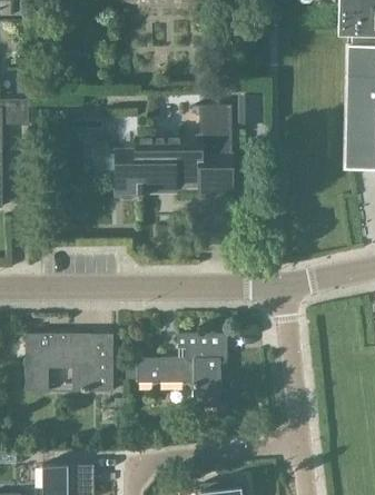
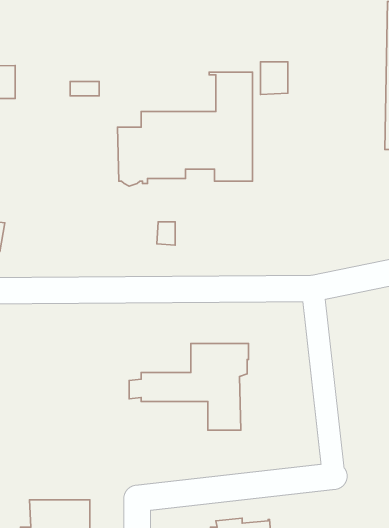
building: [24,335,112,393] -> none

